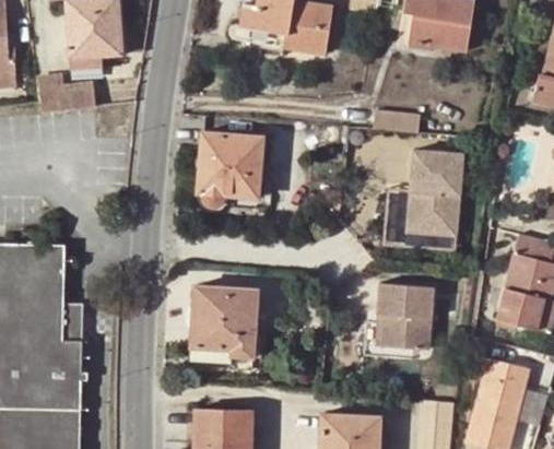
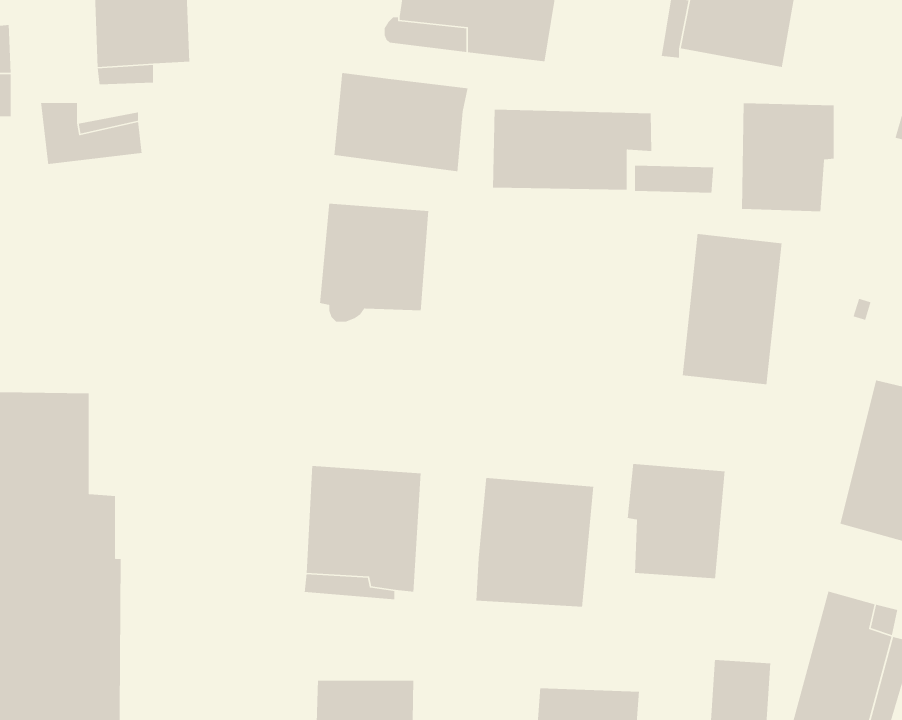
building: none -> [334,72,469,172]
building: none -> [741,103,834,212]
building: none -> [492,109,652,191]
building: [381,190,455,253] -> none
building: none -> [476,477,594,608]

